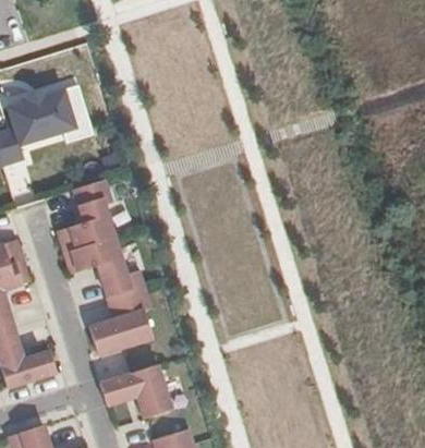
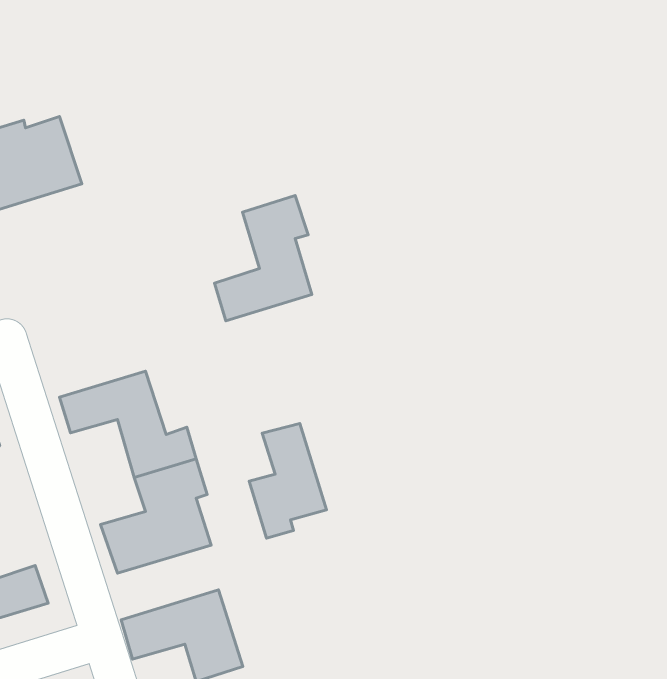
building: [58,180,114,253] -> [215,195,312,321]
building: none -> [249,424,326,538]

